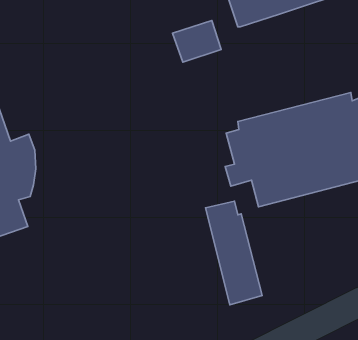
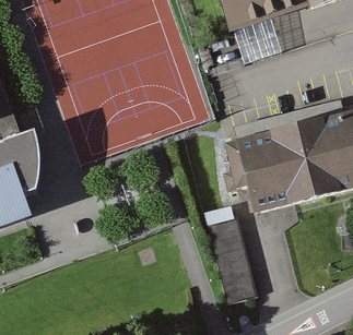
building: [173,21,221,62] -> [234,22,280,61]

